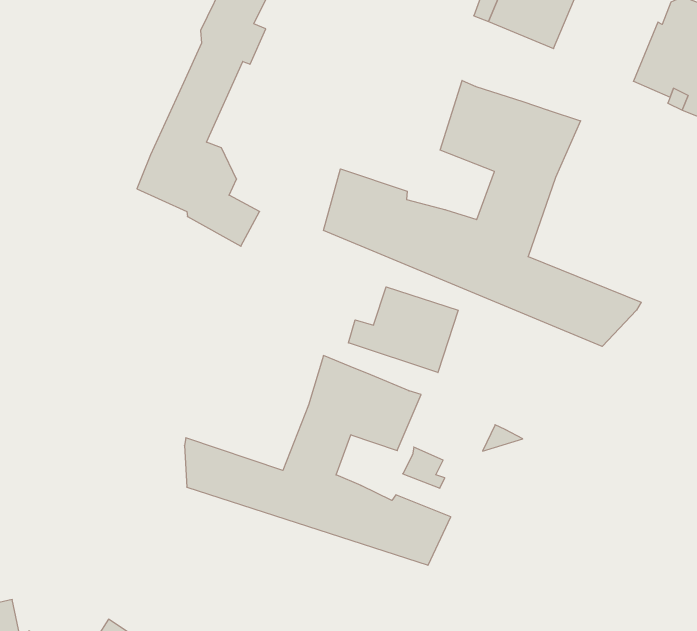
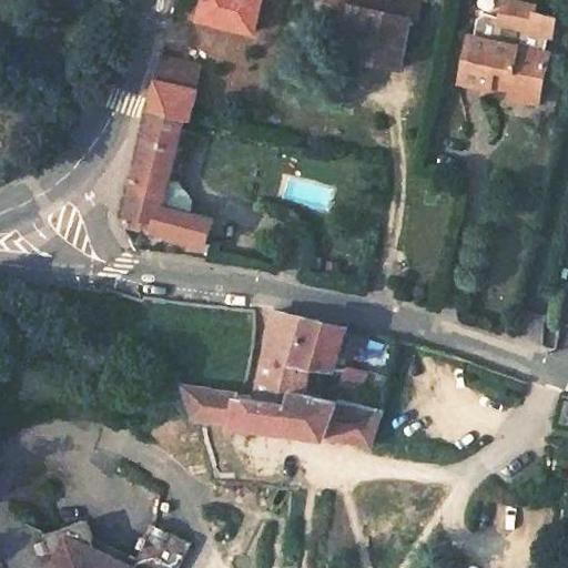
building: [324,80,641,346] -> none
building: [348,287,458,373] -> none

